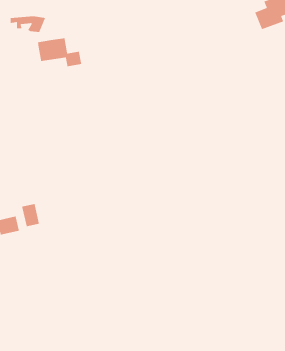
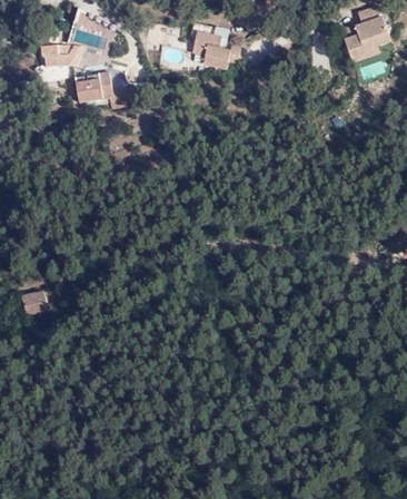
building: none -> [190,29,240,71]
building: [21,203,40,227] -> none

